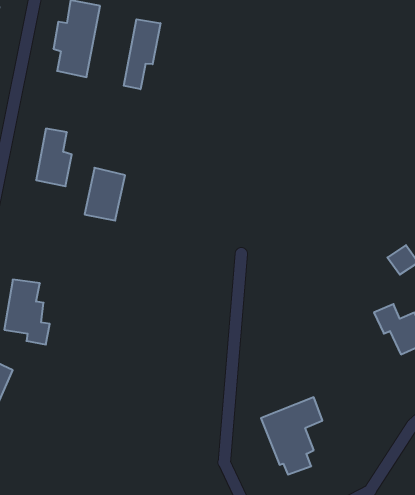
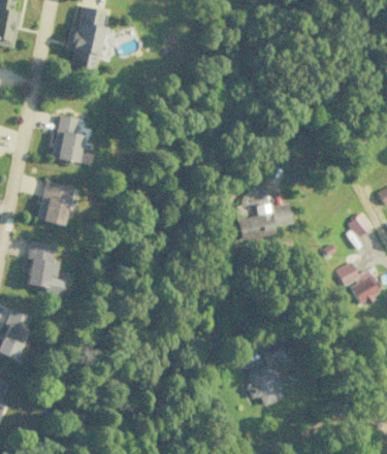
building: [124,19,160,89] -> none
building: [85,168,125,221] -> [38,181,72,225]
building: none -> [234,203,293,241]

